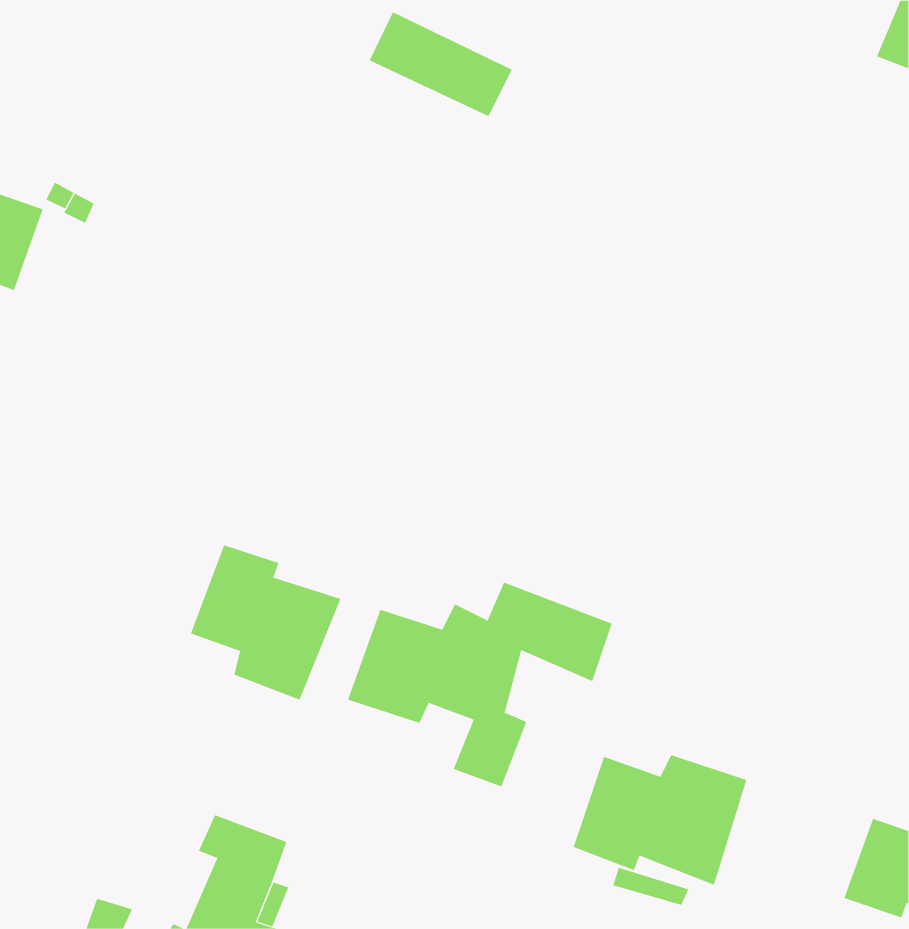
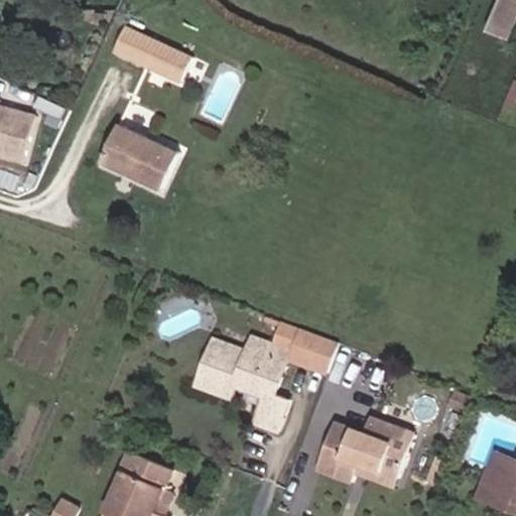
building: [369,11,513,117] -> [114,25,194,84]
building: none -> [101,123,180,189]
building: [190,544,341,700] -> none

